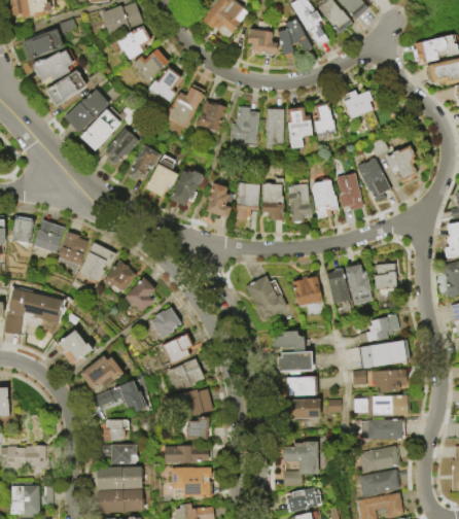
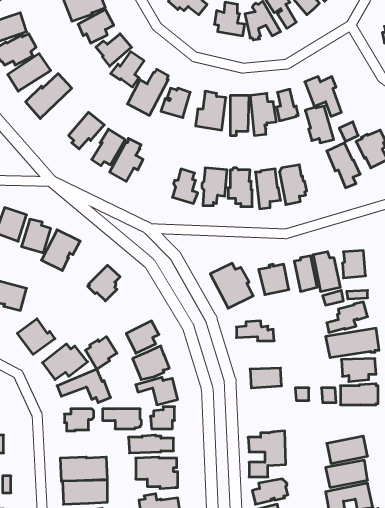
building: [79,107,122,150] -> none
building: [170,170,204,206] -> none
building: [337,173,364,209] -> [305,106,334,143]
building: [103,261,137,293] -> none
building: [150,307,181,339] -> [85,337,117,369]
building: [273,353,310,377] -> none
building: [282,402,317,420] -> none
building: [360,419,403,440] -> none
building: [100,445,138,464] -> [103,409,141,429]

